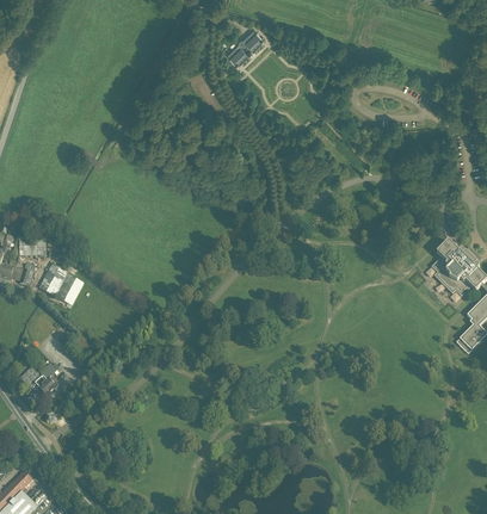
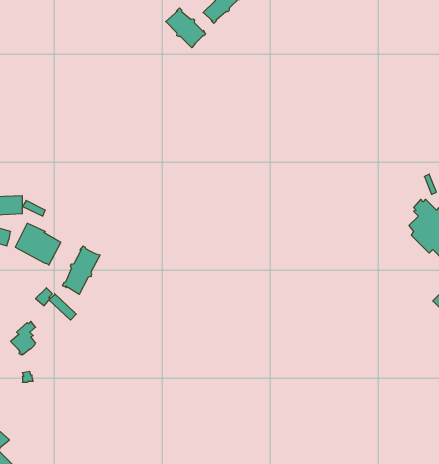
building: none -> [166,8,206,48]
building: none -> [62,246,100,294]

